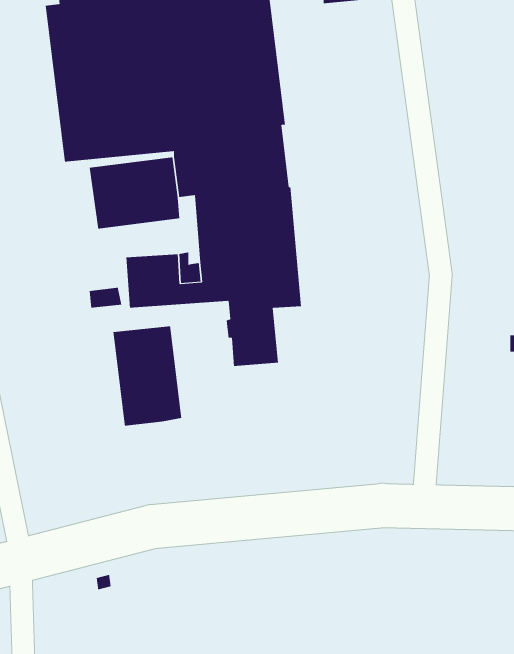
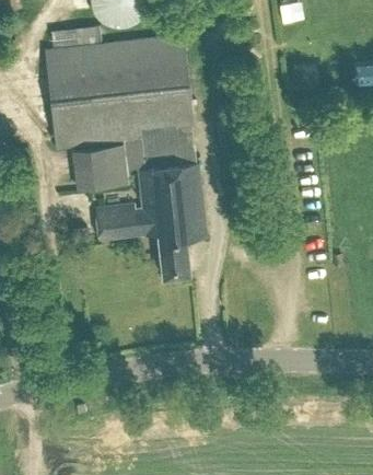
building: [113,326,182,427] -> none

